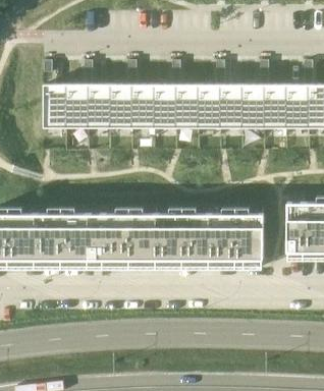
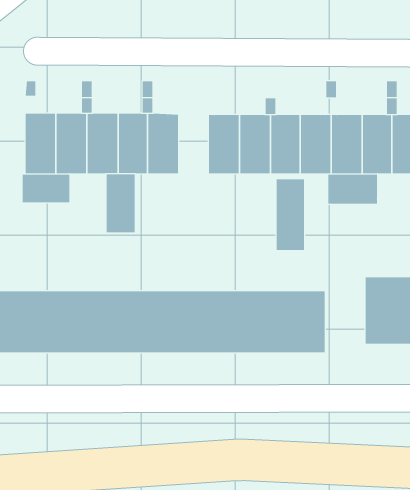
building: [155,86,176,128] -> [106,174,135,233]
building: none -> [22,174,70,203]
building: none -> [328,174,377,205]
building: none -> [276,179,304,251]

